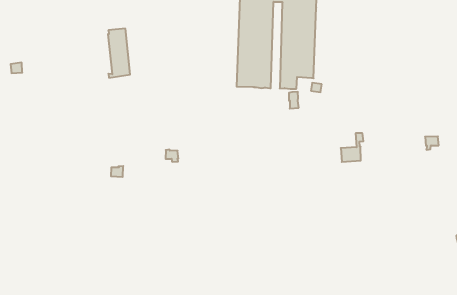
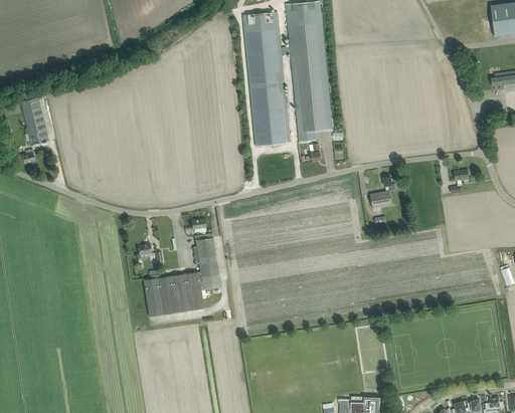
building: [108,29,130,78] -> [20,93,48,146]
building: none -> [143,233,220,316]

